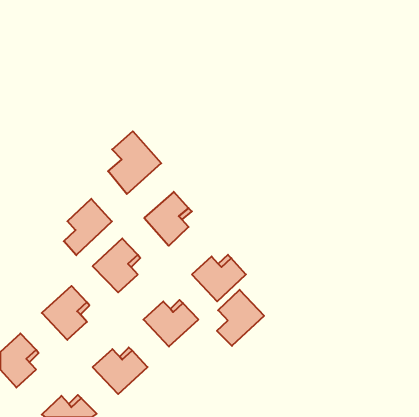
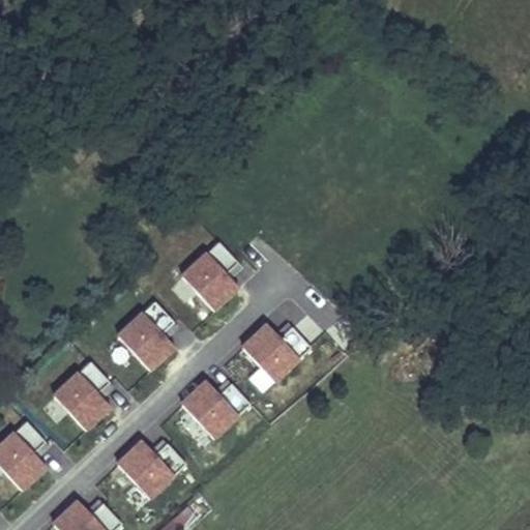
building: [108,131,161,194] -> none
building: [64,199,112,255] -> none
building: [217,290,264,346] -> none

